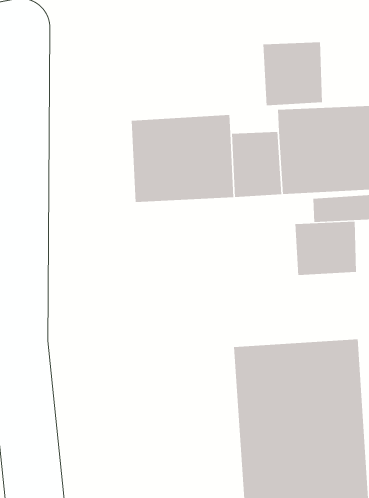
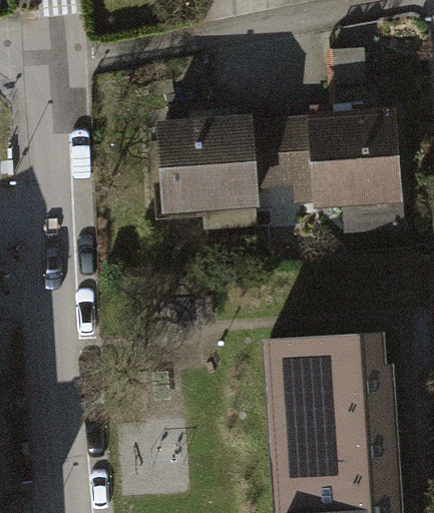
building: [263,41,323,106] -> none
building: [295,221,357,276] -> none

